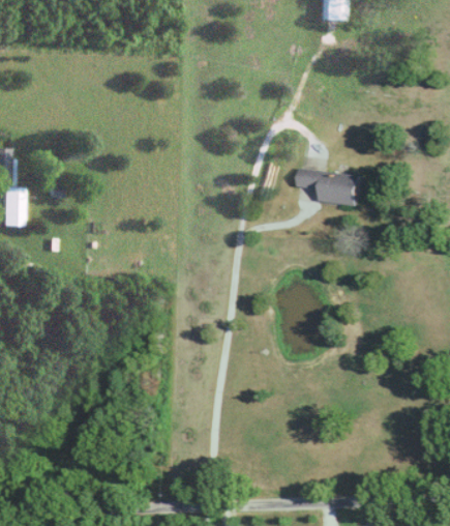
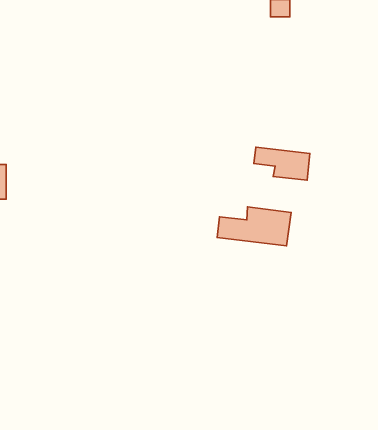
building: none -> [217,207,291,246]

